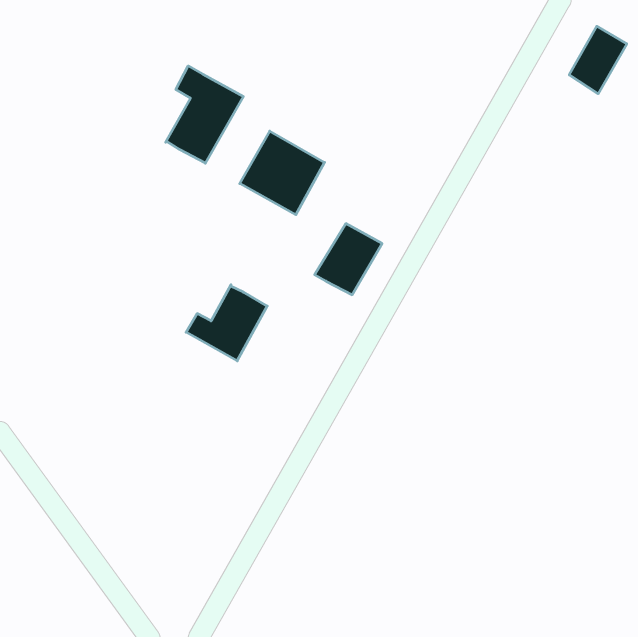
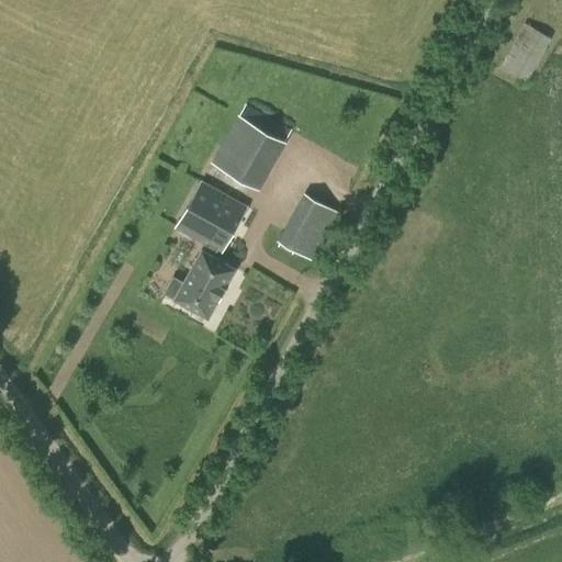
building: [166,66,243,163] -> none
building: none -> [177,183,248,258]

